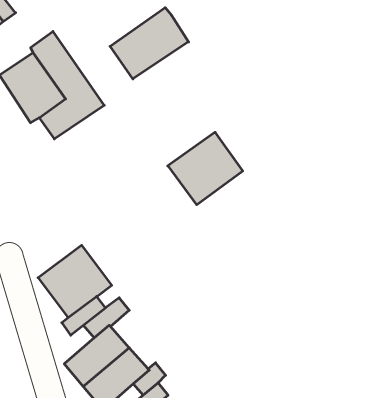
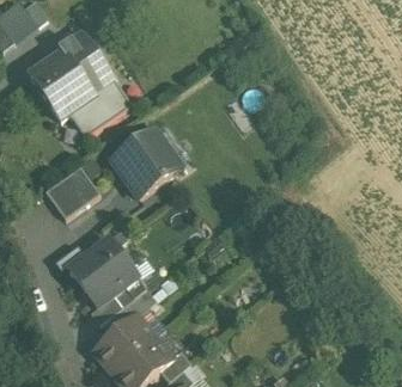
building: [110,8,189,79] -> none
building: [168,132,243,205] -> [111,129,183,198]
building: none -> [47,167,99,219]

